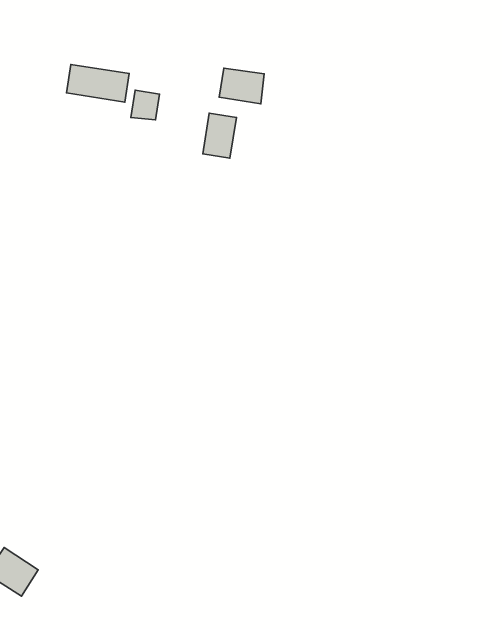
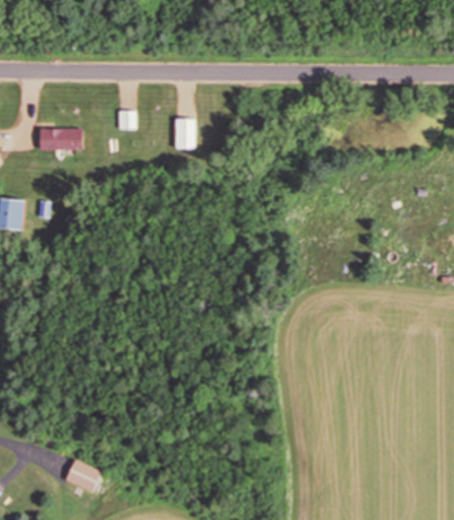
building: [66,64,129,102] -> [39,128,82,149]
building: [219,68,264,104] -> none

